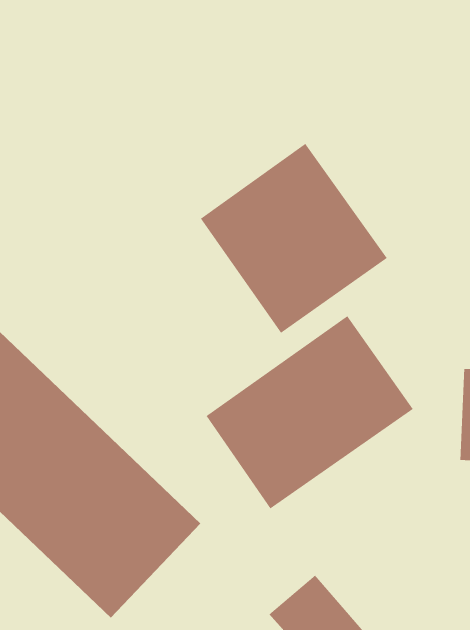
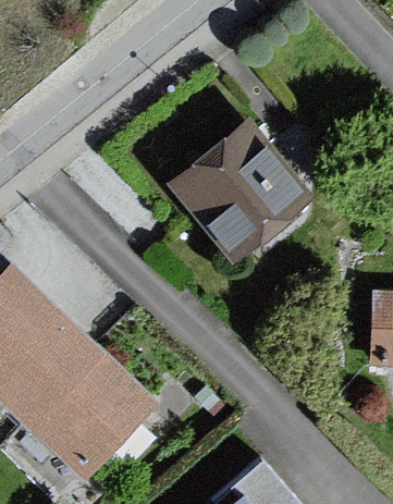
building: [205,315,414,510] -> none

